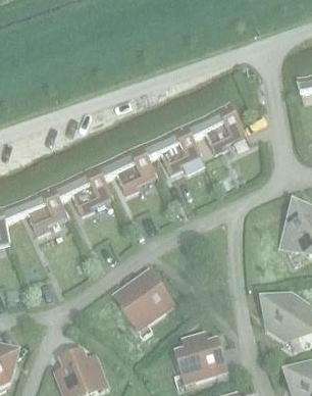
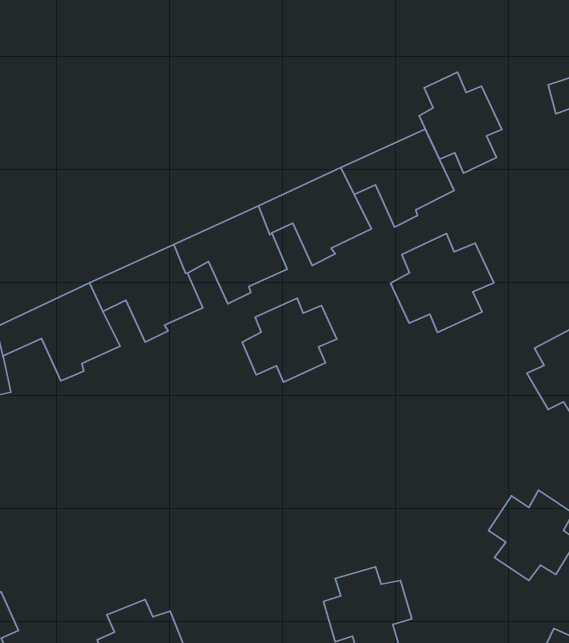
building: none -> [419,72,502,173]
building: none -> [390,233,494,333]
building: none -> [242,298,337,382]
building: [120,279,167,326] -> none

